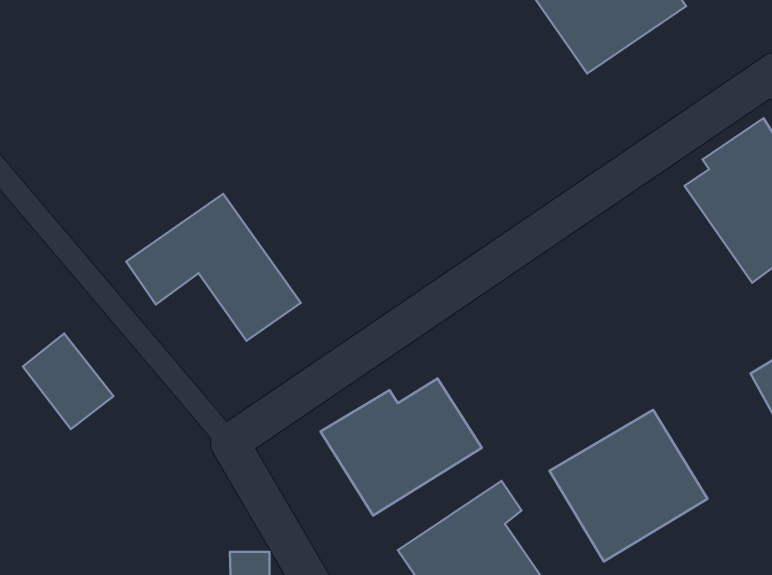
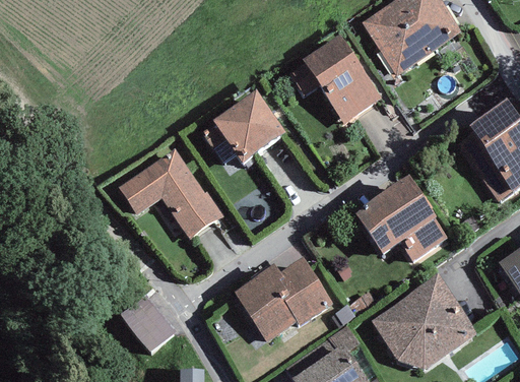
building: none -> [288,34,383,124]
building: none -> [196,90,284,164]
building: none -> [354,179,447,257]
building: [23,334,114,429] -> [121,293,177,352]

